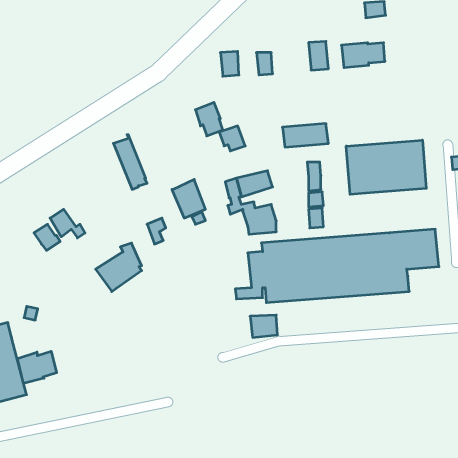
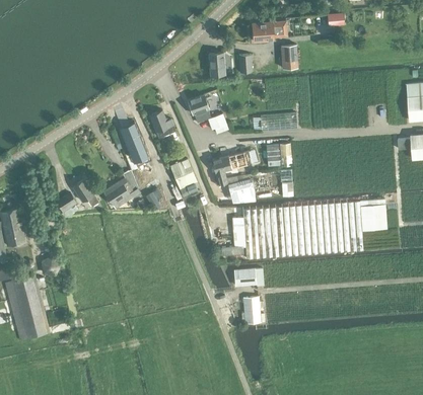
building: [341,43,385,68] -> [251,21,286,42]
building: none -> [148,110,175,139]
building: [346,140,426,194] -> none
building: [96,243,142,292] -> [101,170,139,210]
building: none -> [242,297,260,323]
building: [18,351,57,384] -> none

